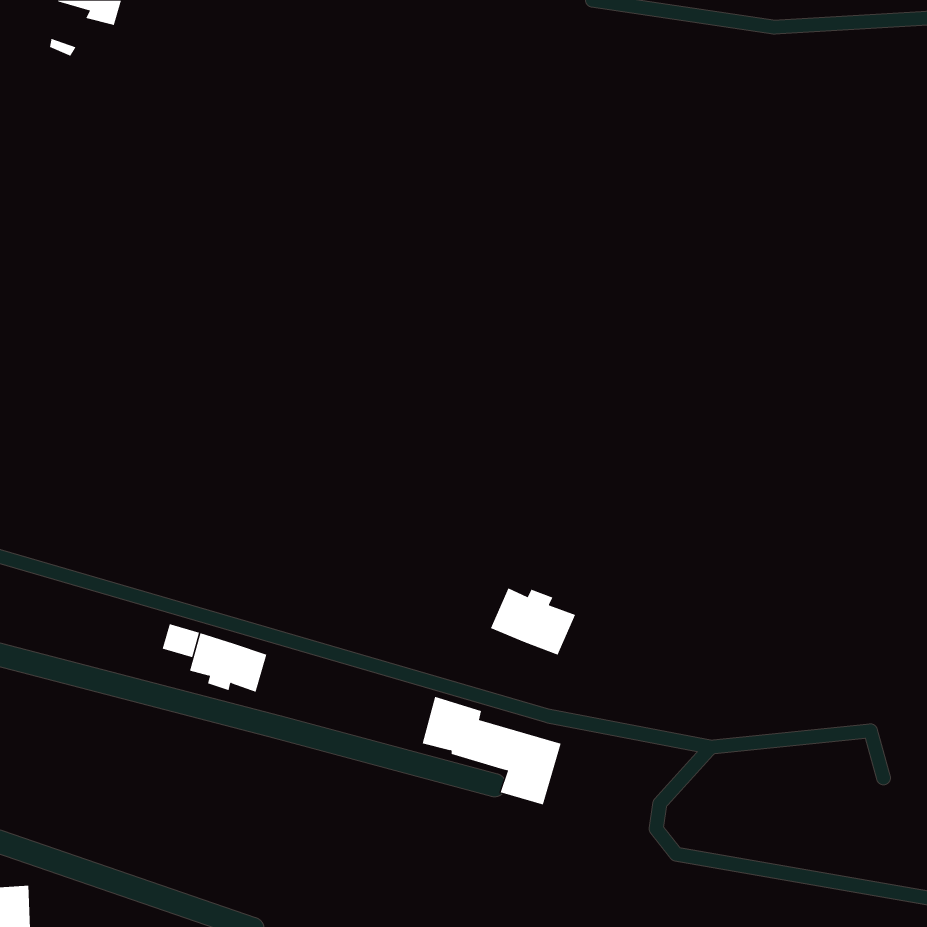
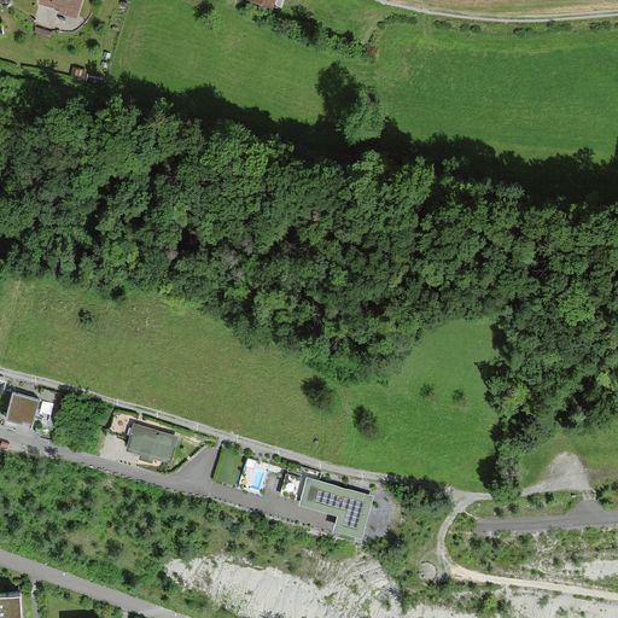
building: [490,587,576,656] -> none
building: none -> [6,393,53,424]

